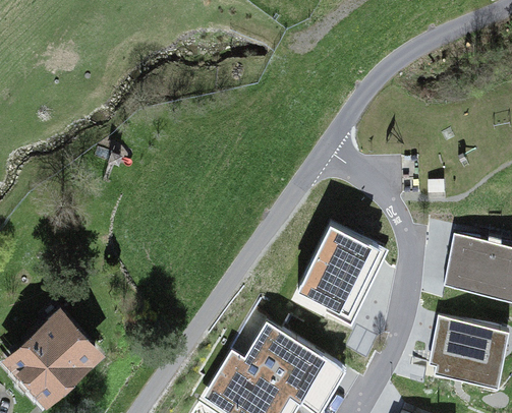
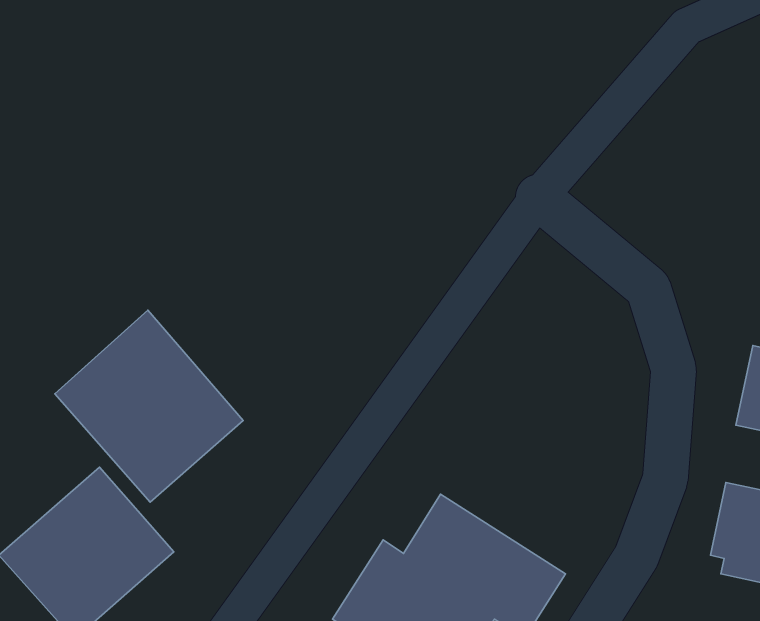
building: none -> [55,310,243,502]
building: [300,228,383,316] -> none

